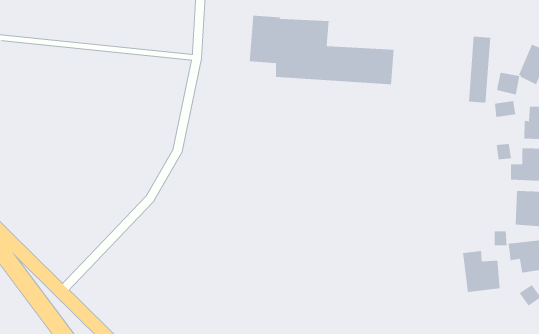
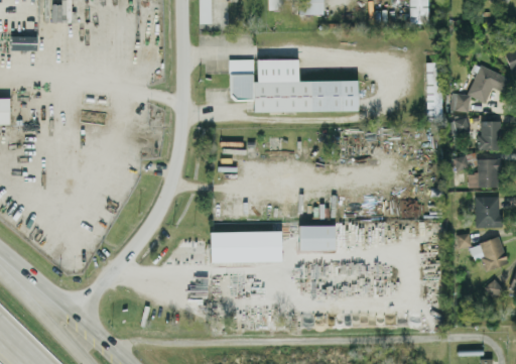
building: none -> [210,231,282,262]
building: none -> [298,225,335,250]
building: [463,250,500,293] -> none

